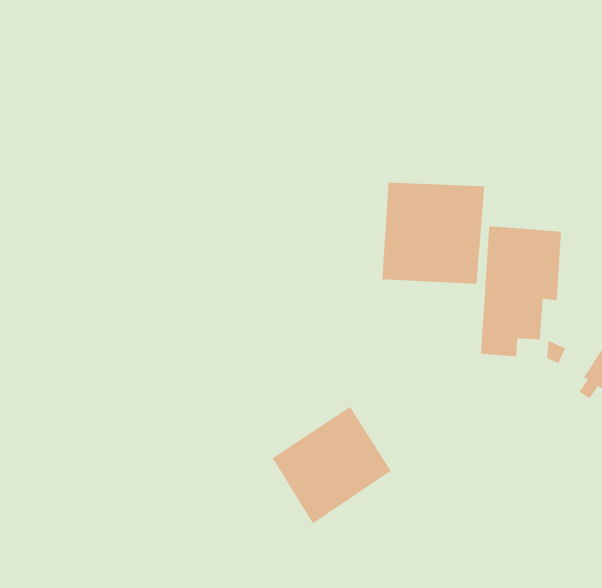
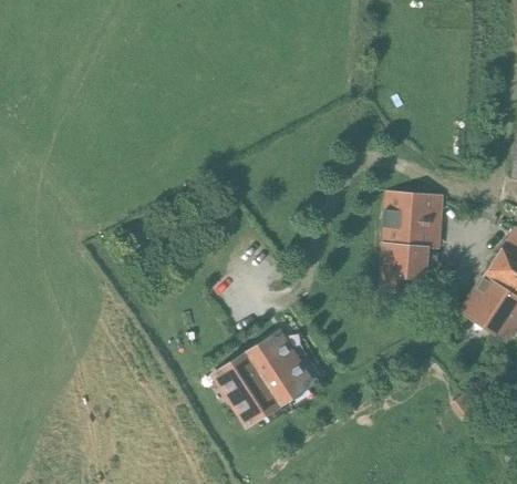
building: [382,182,485,284] -> none

